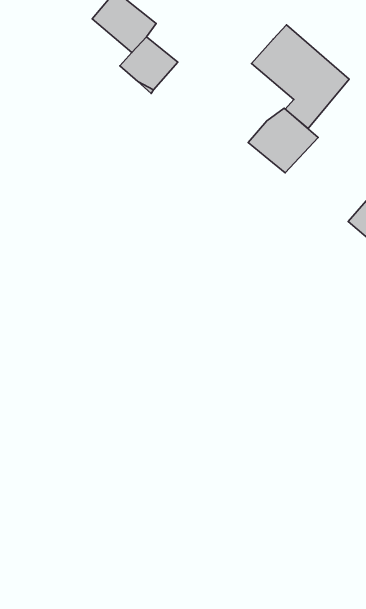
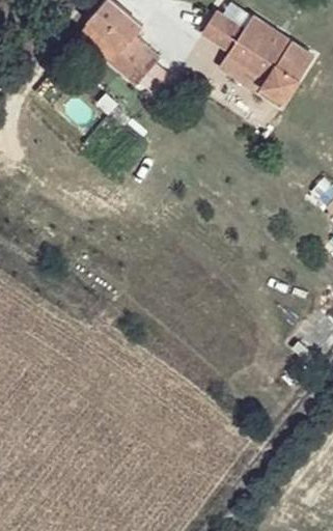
building: none -> [198,16,242,57]
building: [248,108,318,173] -> none

